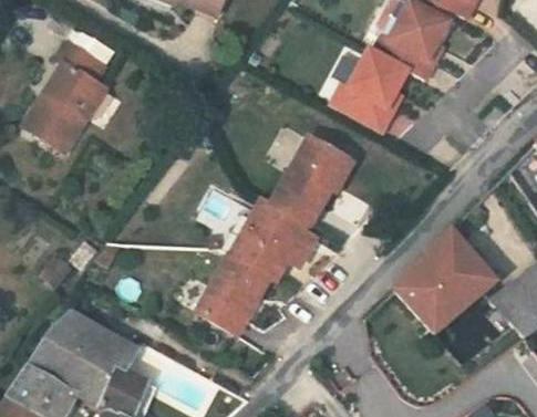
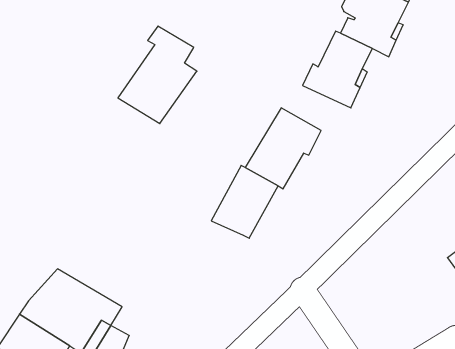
building: [28,43,113,148] -> [118,26,197,124]
building: [397,232,494,326] -> none
building: [202,254,270,327] -> none

